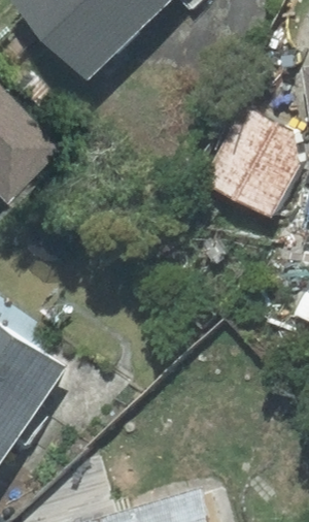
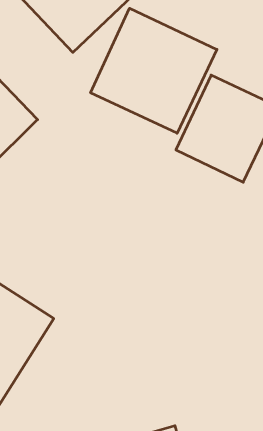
building: none -> [91,8,217,133]

